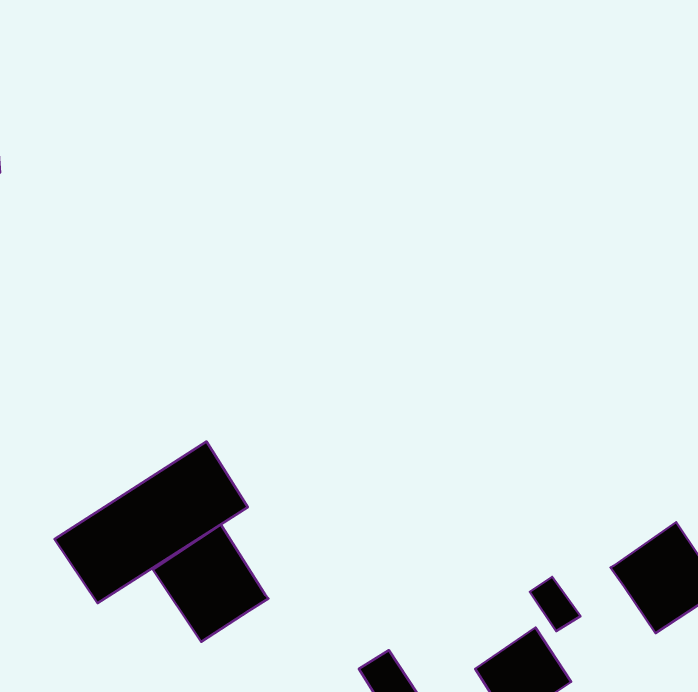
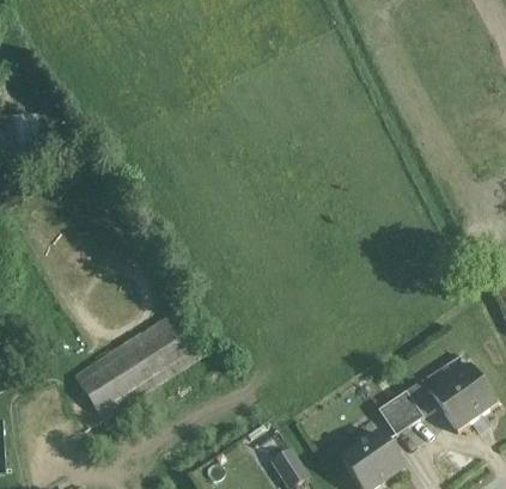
building: [153,525,268,642] -> none
building: none -> [390,379,435,424]

